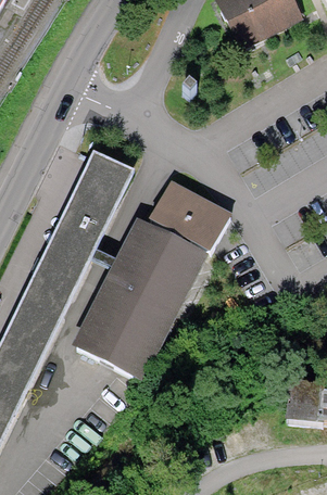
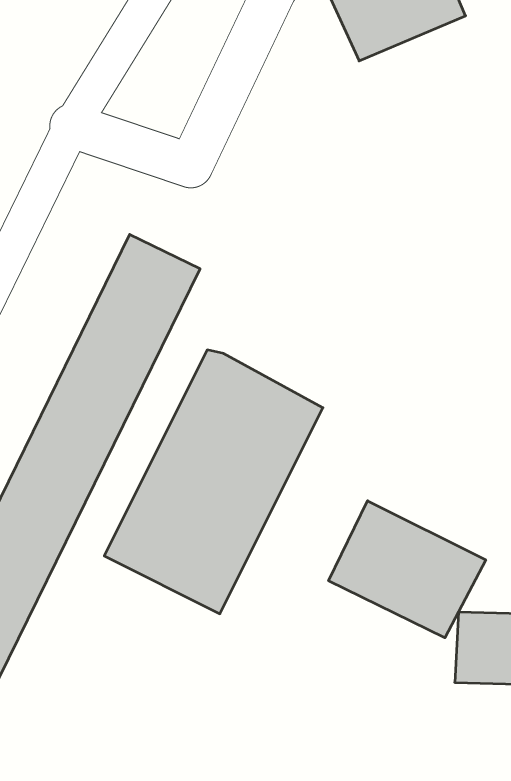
building: [150,177,234,253] -> none
building: none -> [329,501,486,638]

